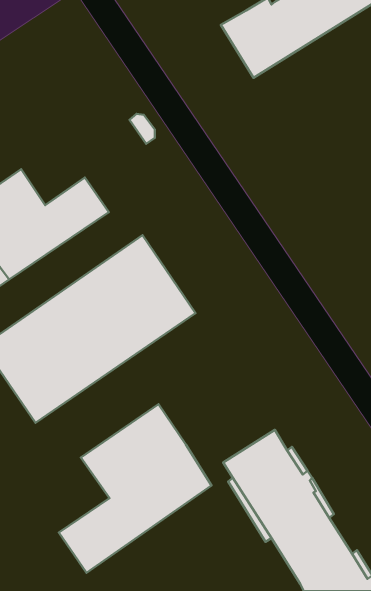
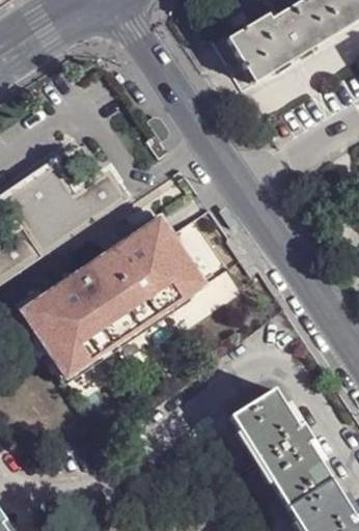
building: [59,404,212,573] -> none

